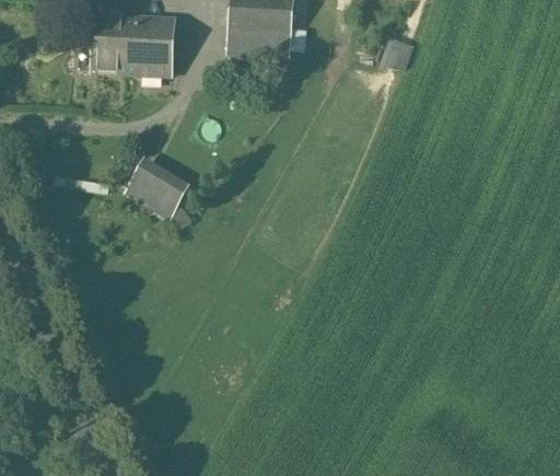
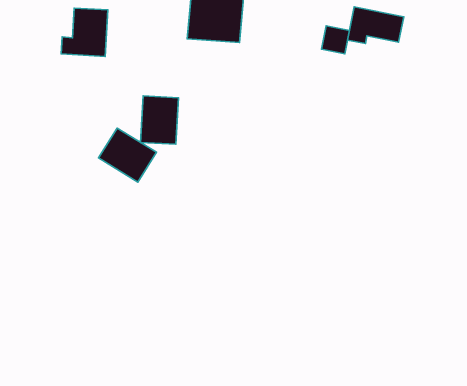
building: none -> [348,7,404,44]
building: [130,18,175,74] -> [140,96,179,144]

